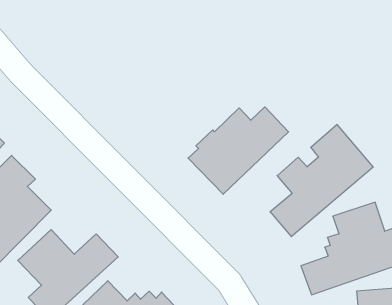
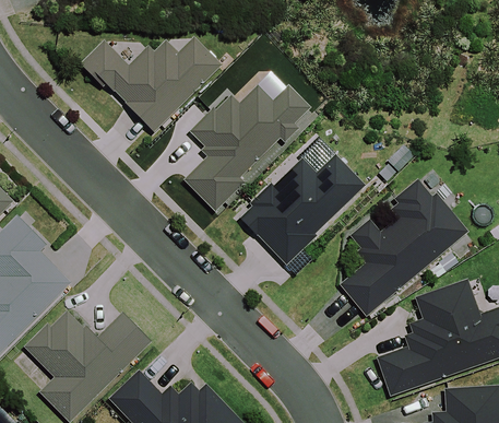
building: none -> [79,36,223,133]
building: none -> [182,85,307,212]

